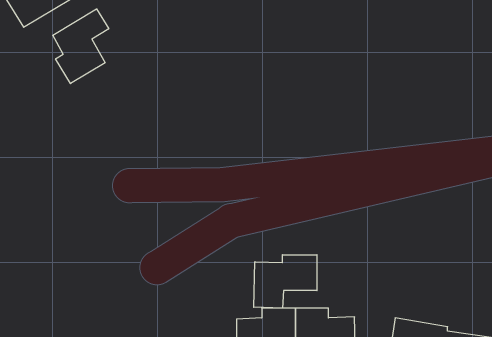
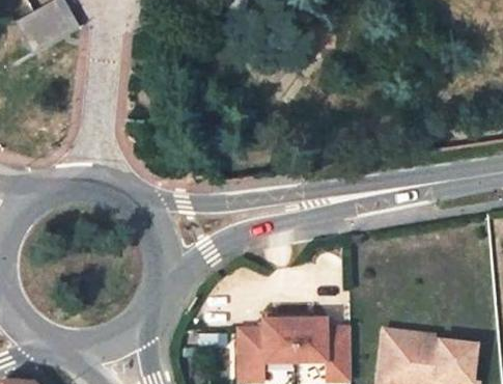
building: [53,9,109,84] -> none
building: [254,255,317,308] -> none

